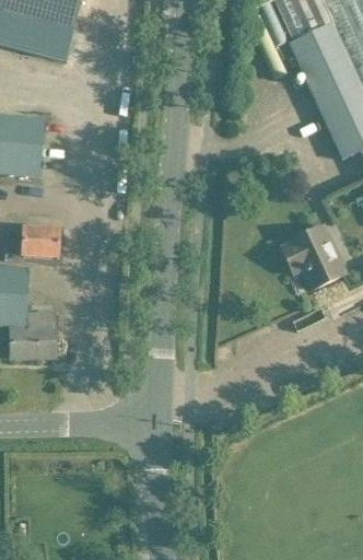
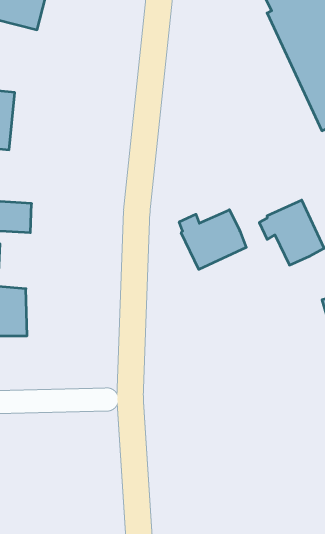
building: none -> [179,210,246,269]

